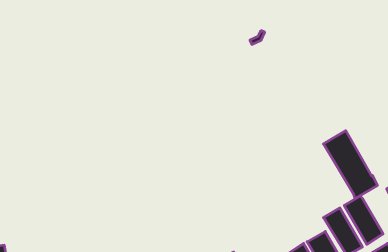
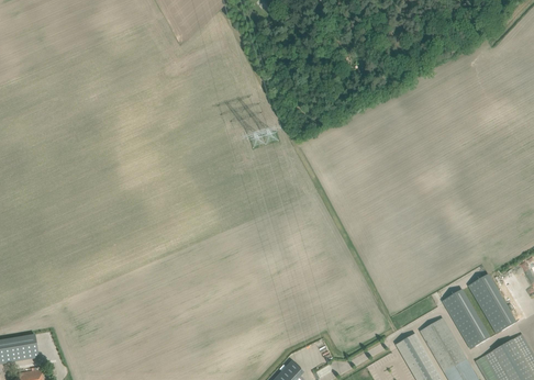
building: [323,131,377,199] -> none

